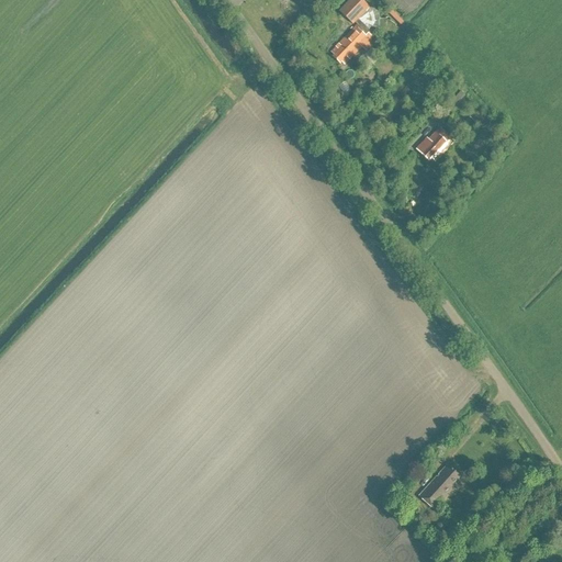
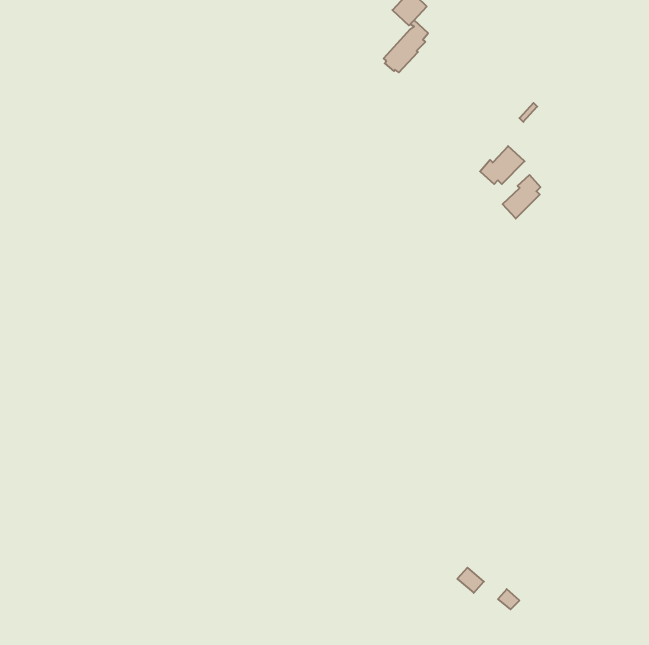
building: none -> [503,175,540,219]
building: [418,463,459,508] -> none

